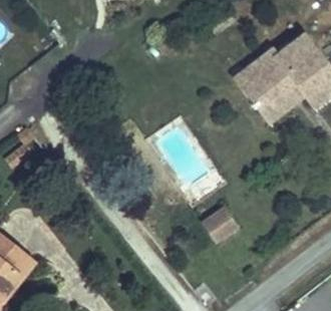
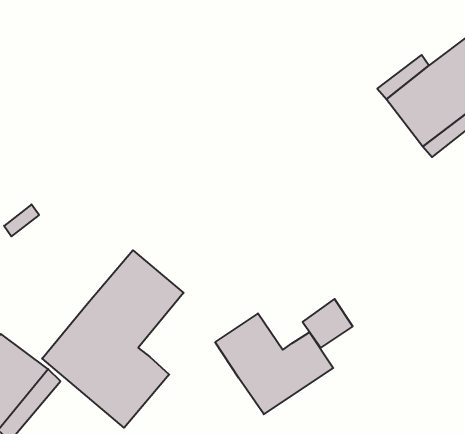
building: none -> [42,250,184,428]
building: none -> [215,313,333,414]

